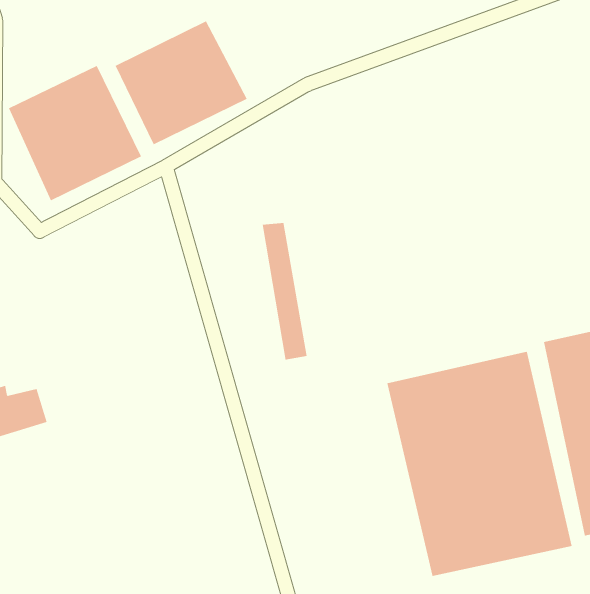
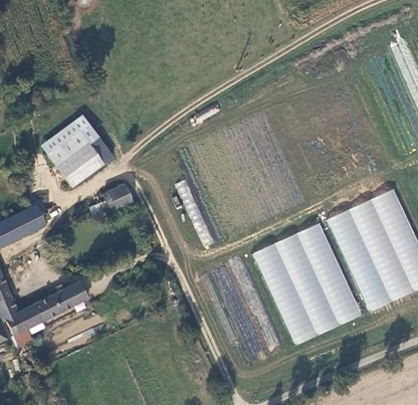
building: [115,20,248,145] -> none
building: none -> [106,184,132,209]

